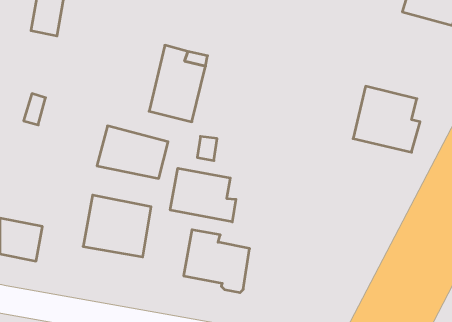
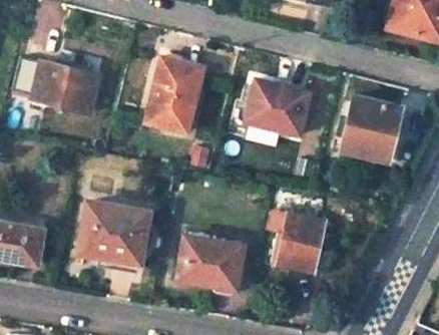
building: none -> [244,80,308,133]
building: [97,126,168,178] -> [30,60,98,110]
building: [170,168,236,222] -> none
building: none -> [277,214,322,271]

